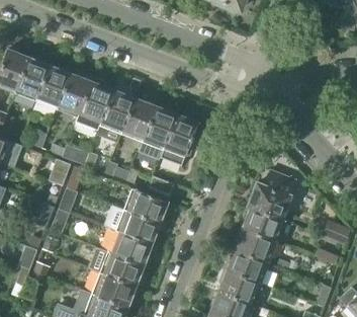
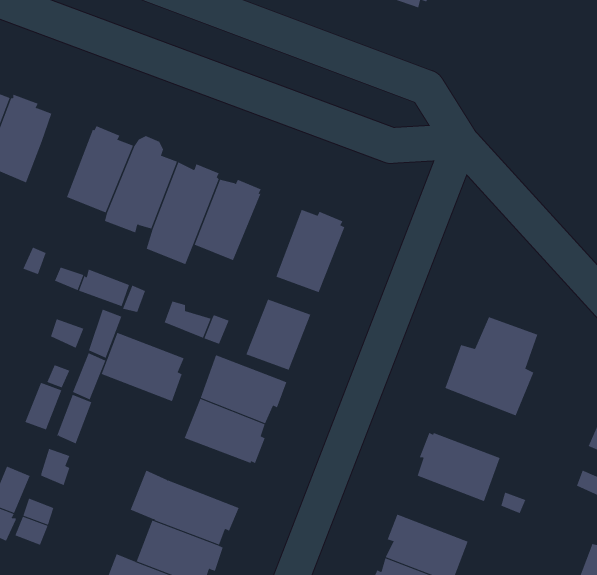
building: [35,64,69,108] -> none
building: [141,106,176,149] -> none
building: [242,206,284,241] -> none
building: [107,231,150,266] -> [101,332,185,402]
building: [224,250,268,284] -> none

